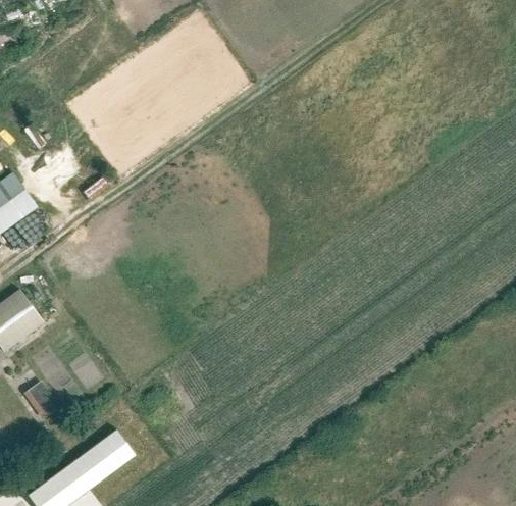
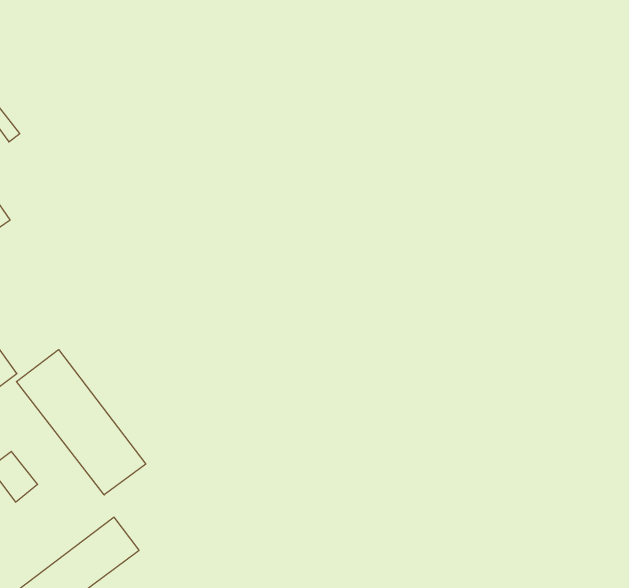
building: none -> [16,350,146,495]

